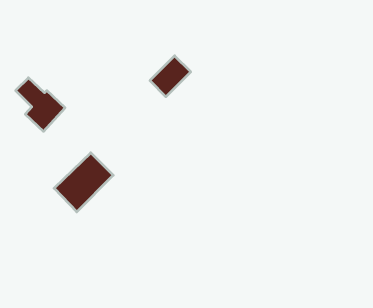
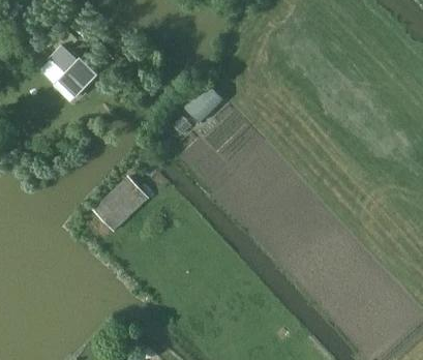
building: [16,78,65,131] -> [52,47,99,98]

